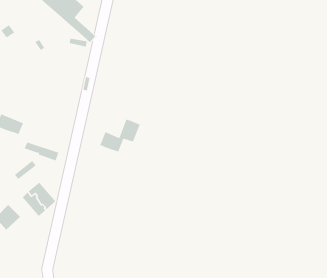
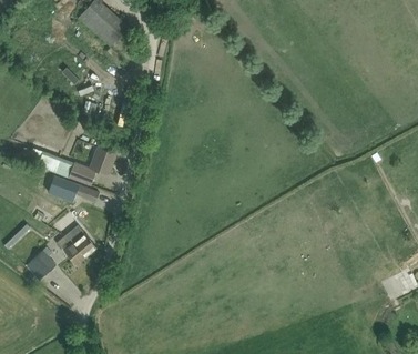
building: [99,119,140,152] -> [69,146,115,184]

